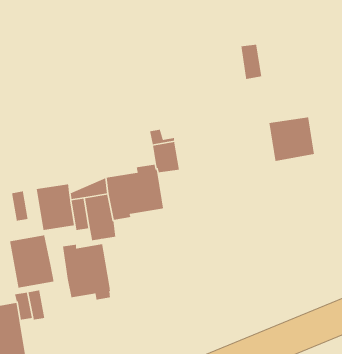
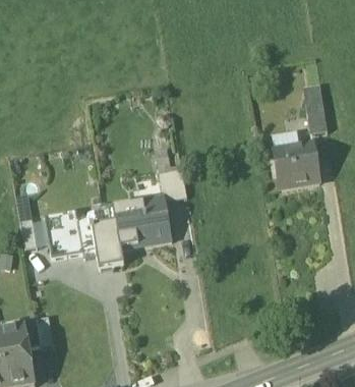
building: [241,44,262,80] -> [305,97,327,132]
building: [9,235,55,288] -> none
building: [62,239,111,300] -> none

